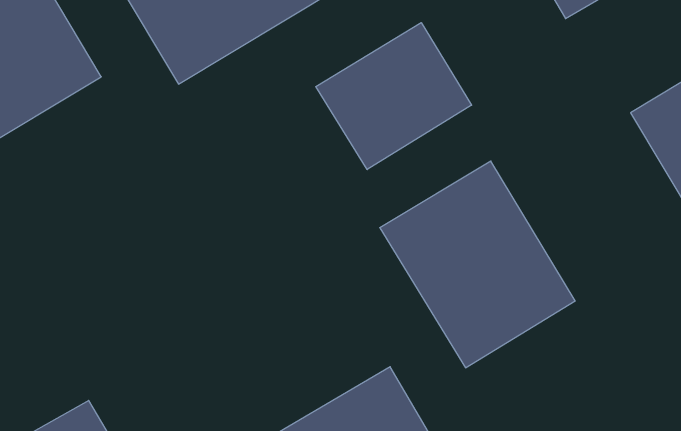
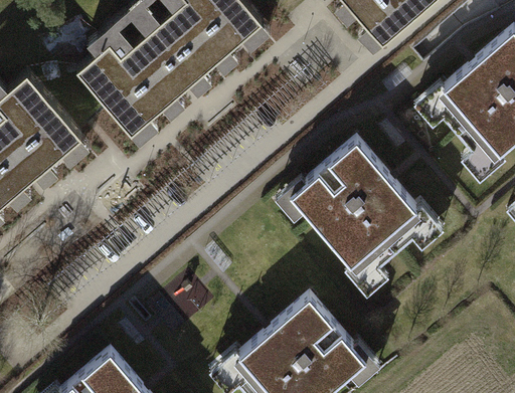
building: [316,23,472,170] -> none

